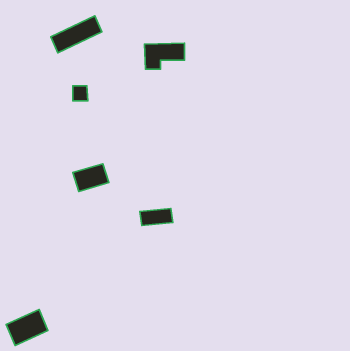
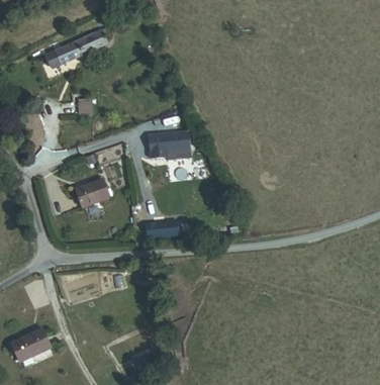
building: [145,43,184,69] -> [154,132,194,159]

